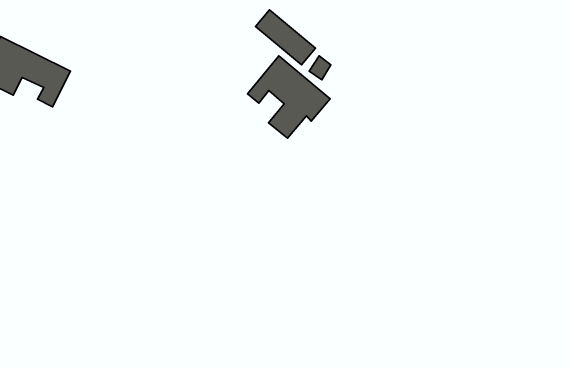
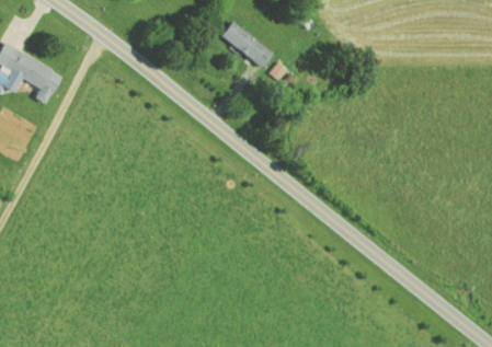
building: [248,56,330,138] -> none

